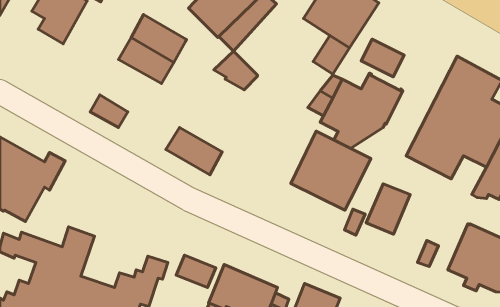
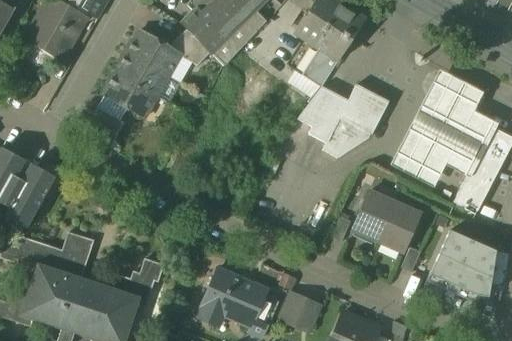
building: [361,39,404,77] -> none
building: [214,51,258,90] -> [169,28,211,65]
building: [166,128,222,175] -> [103,72,157,117]
building: [291,131,371,210] -> none
building: none -> [379,201,420,250]
building: [176,255,216,288] -> none

